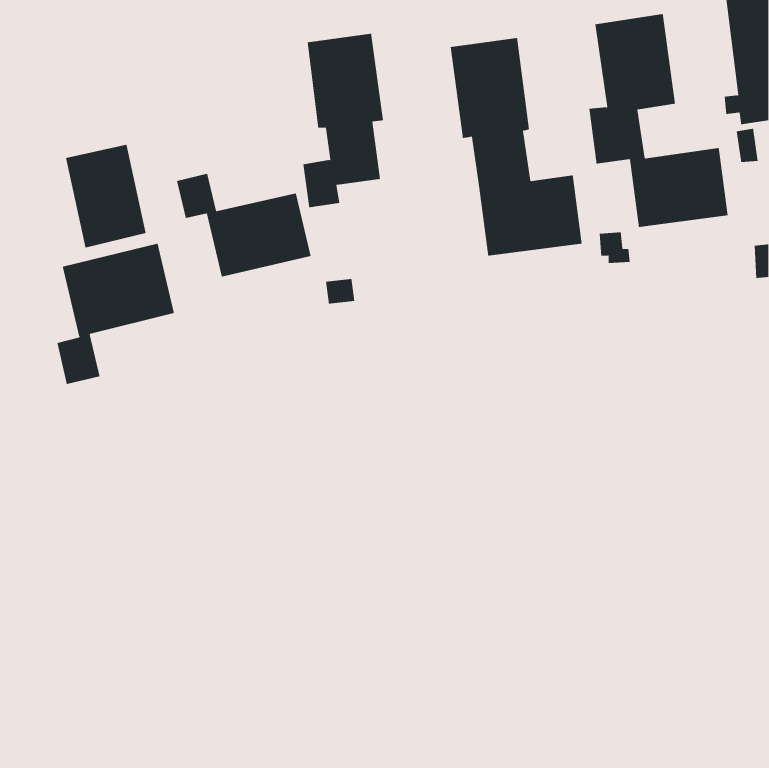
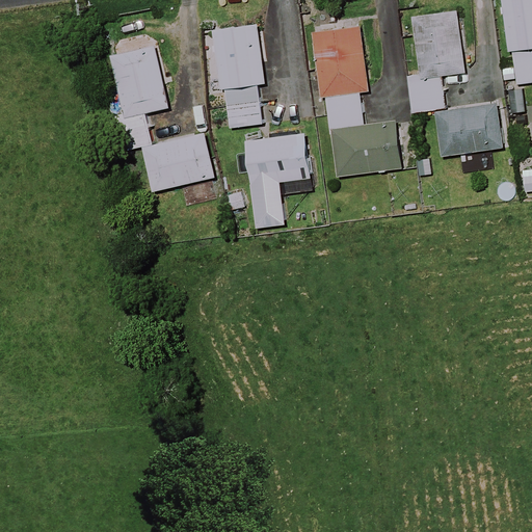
building: [65,144,147,248] -> [112,46,168,117]
building: none -> [245,133,313,228]
building: [57,243,175,385] -> none

